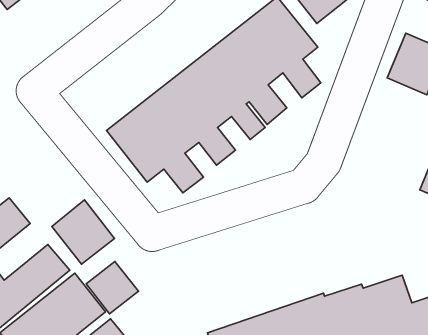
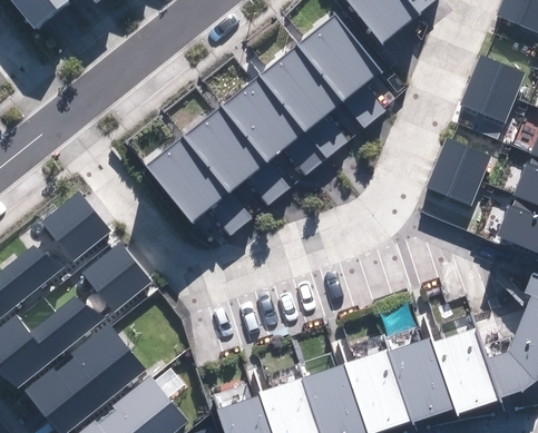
building: none -> [425,138,492,206]
building: none -> [40,191,111,264]
building: [86,261,138,314] -> none

